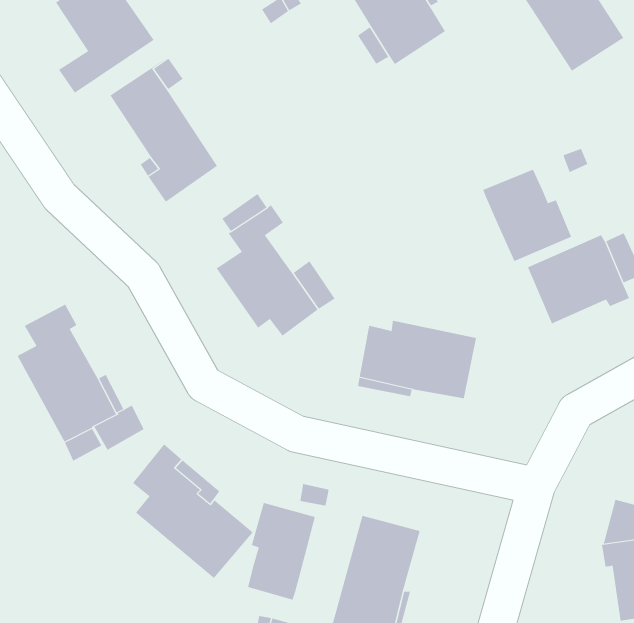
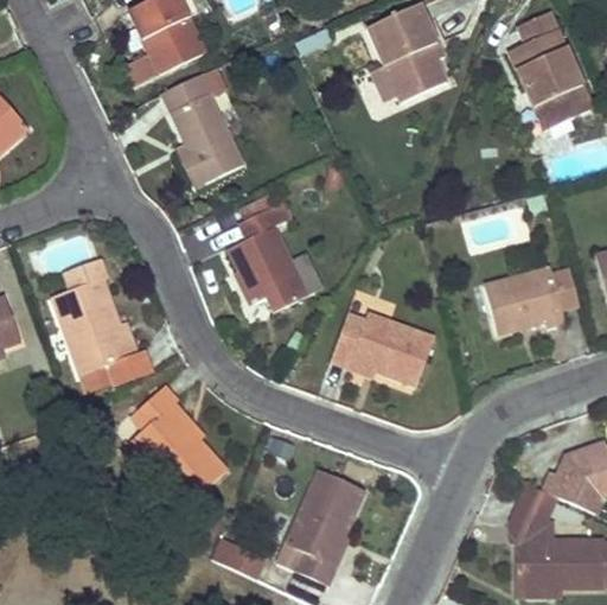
building: [483,169,572,262] -> none
building: [248,502,316,601] -> none

